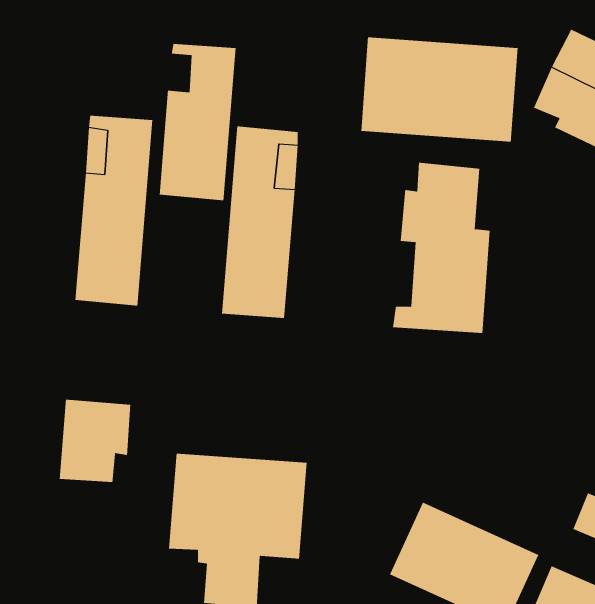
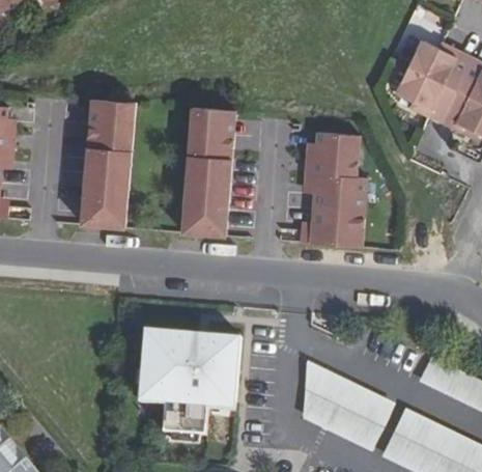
building: [361,37,518,142] -> none
building: [159,43,236,201] -> none
building: [59,399,131,483] -> none

